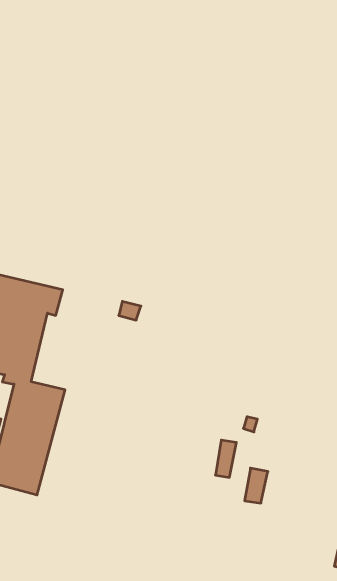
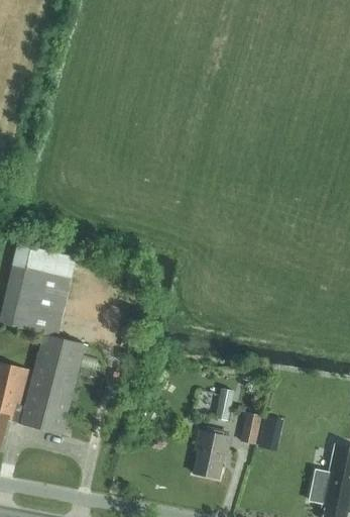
building: none -> [192,432,229,480]

